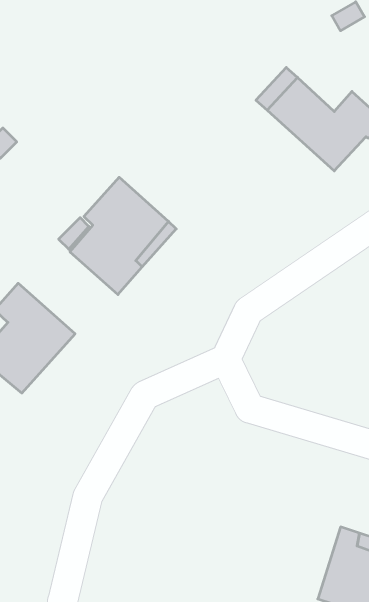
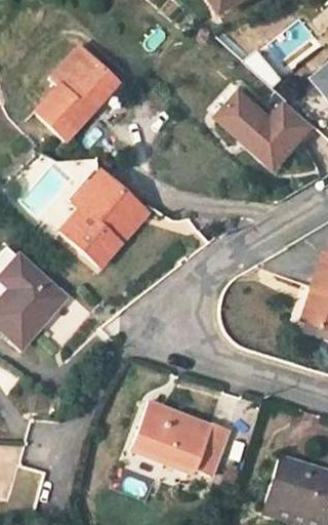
building: none -> [36,47,115,142]
building: none -> [131,403,230,477]

